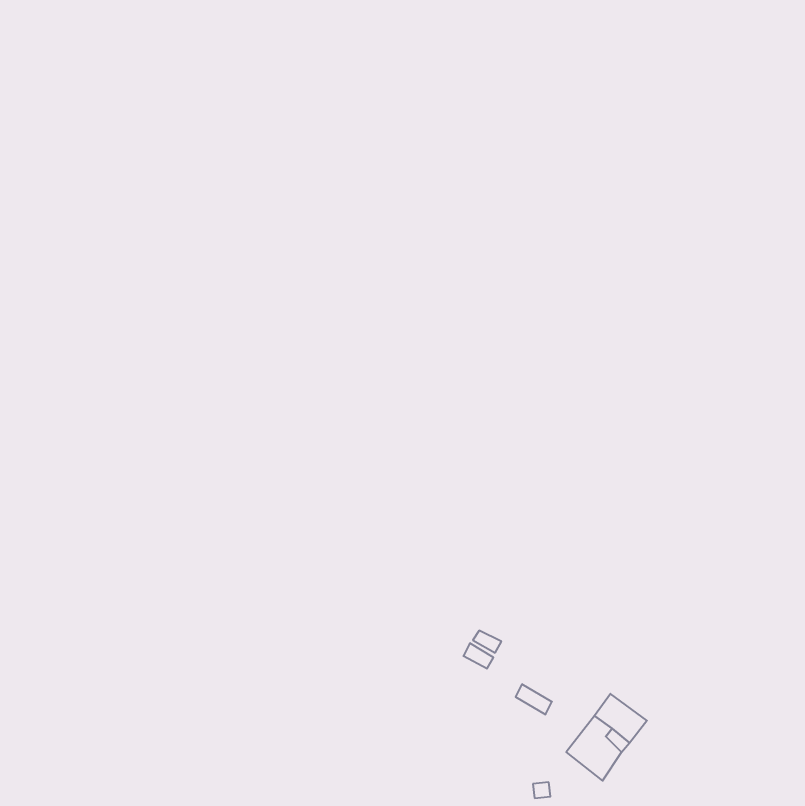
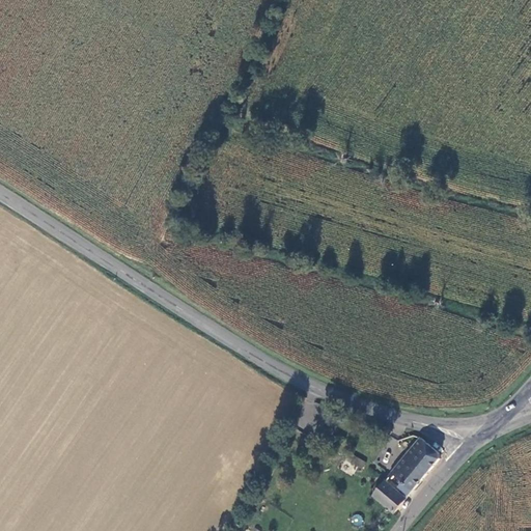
building: none -> [400,440,437,473]

